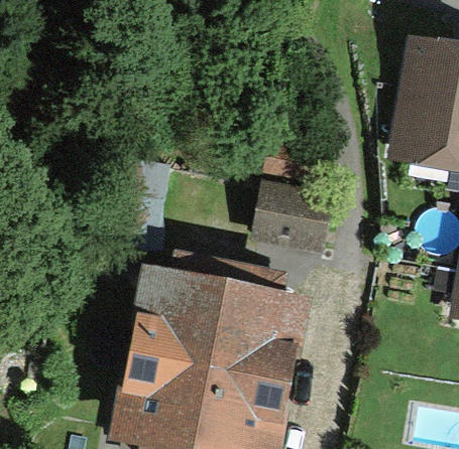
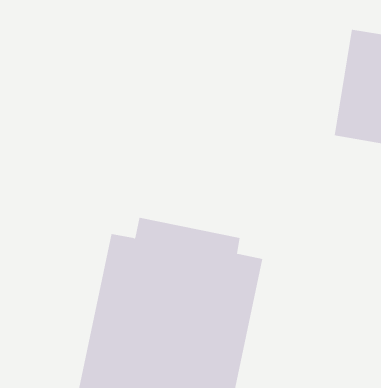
building: [250,183,327,248] -> none

